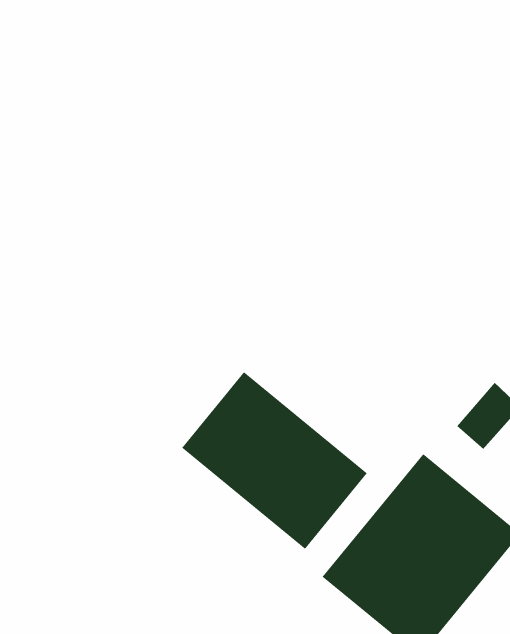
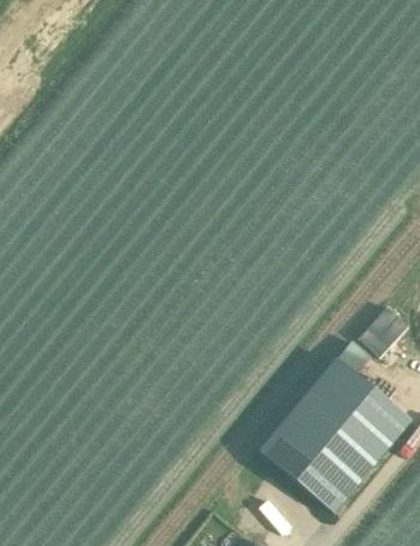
building: [181,371,368,550] -> none

